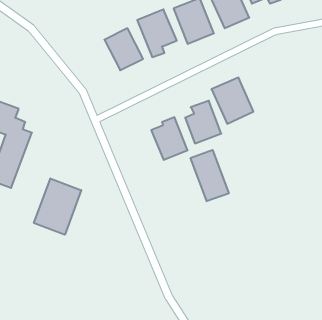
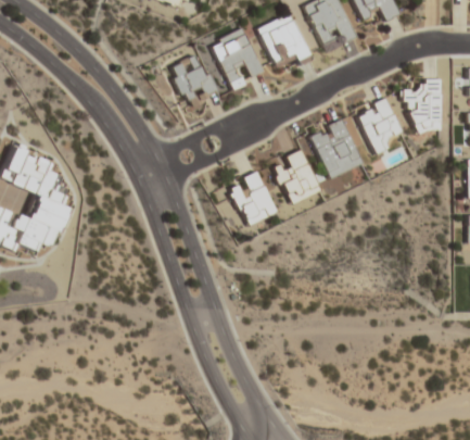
building: none -> [407,78,442,130]
building: none -> [355,97,402,154]
building: [191,150,229,201] -> none
building: [34,178,81,235] -> none

